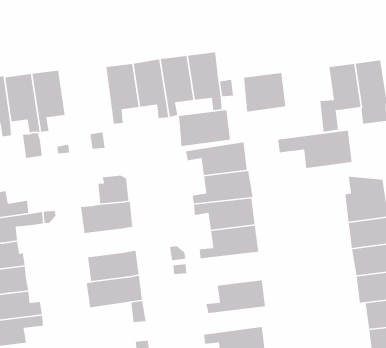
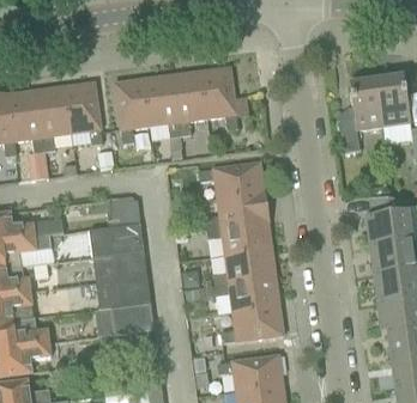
building: none -> [65,83,102,146]
building: [243,72,288,112] -> none
building: [178,108,234,147] -> none
building: [277,130,353,169] -> none
building: none -> [91,251,146,282]
building: none -> [213,277,279,312]

